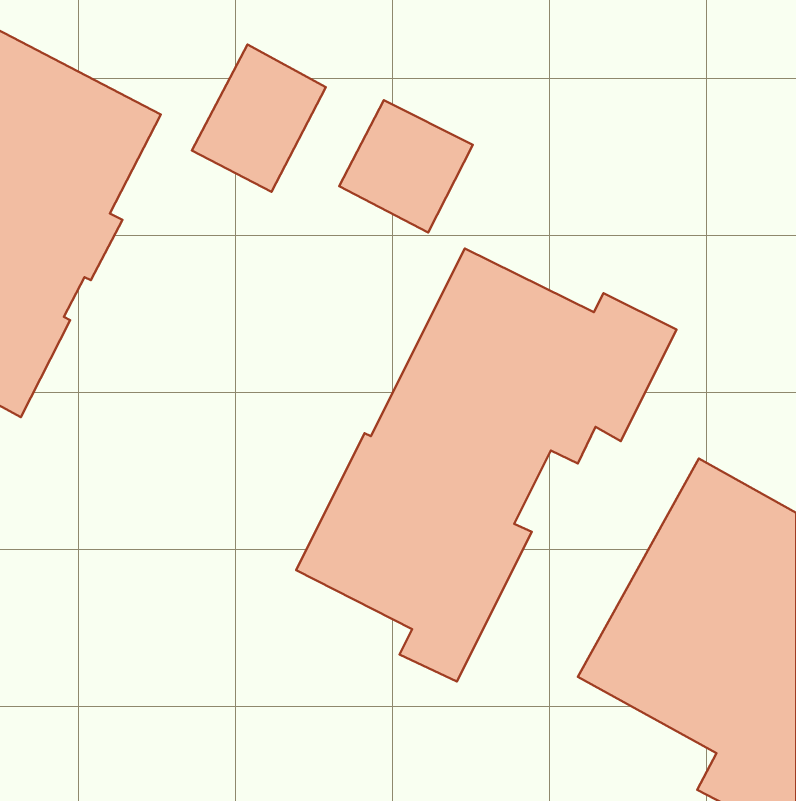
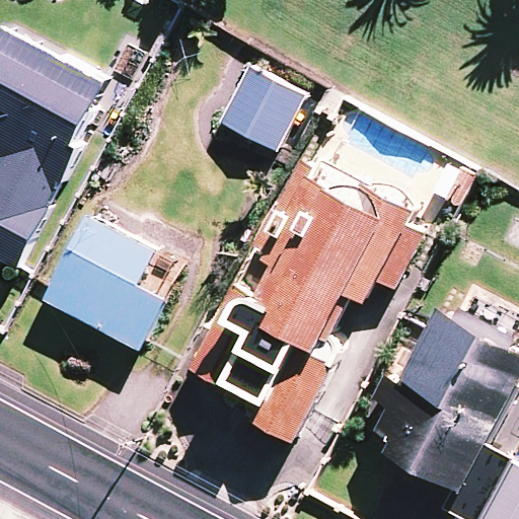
building: [192,45,326,192] -> none
building: none -> [43,215,166,352]

